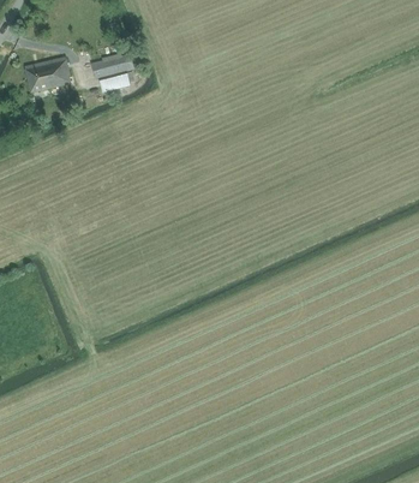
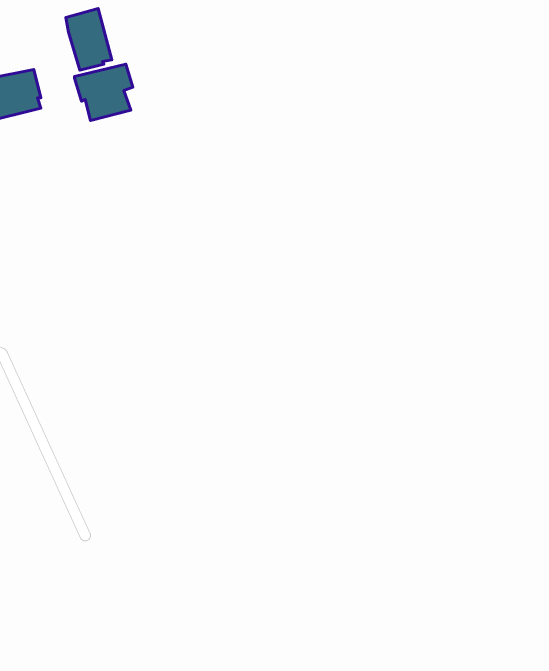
building: none -> [66,8,112,70]

